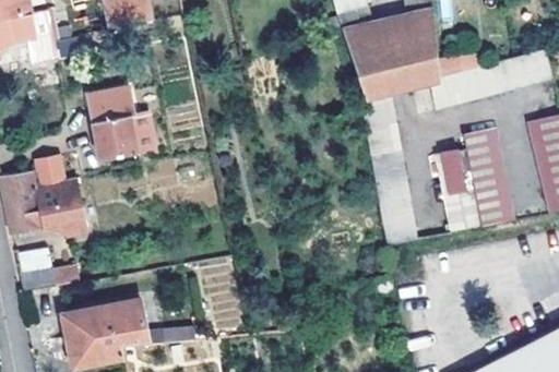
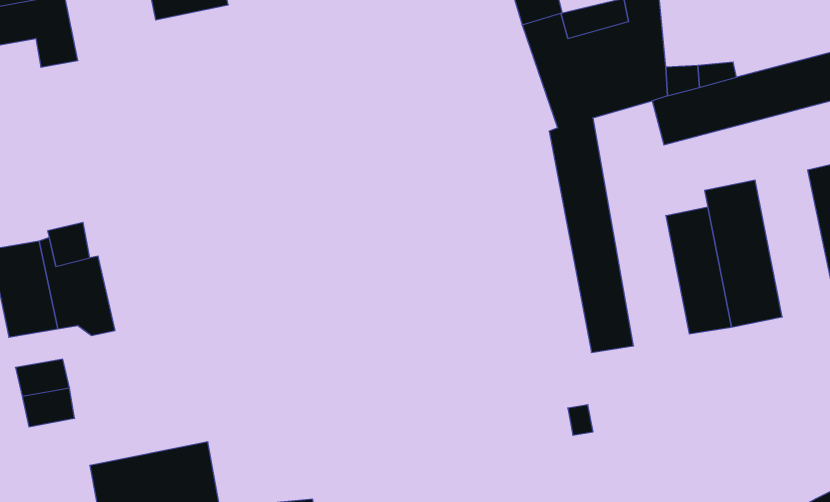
building: [88,88,155,159] -> none

